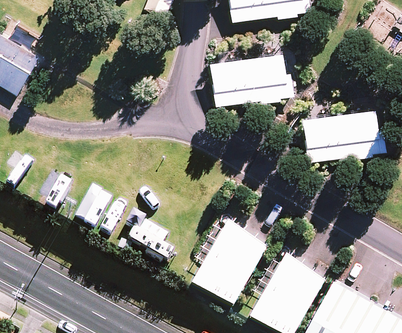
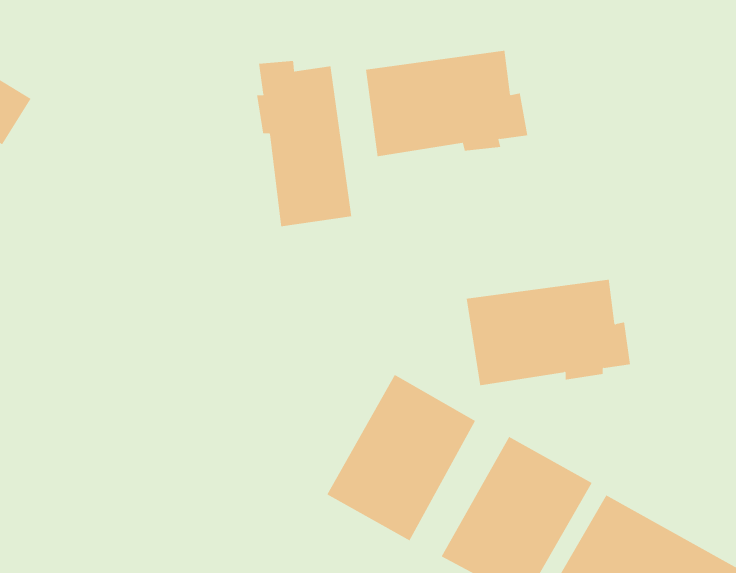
building: none -> [256,60,352,227]
building: [301,109,386,164] -> [466,279,631,386]

